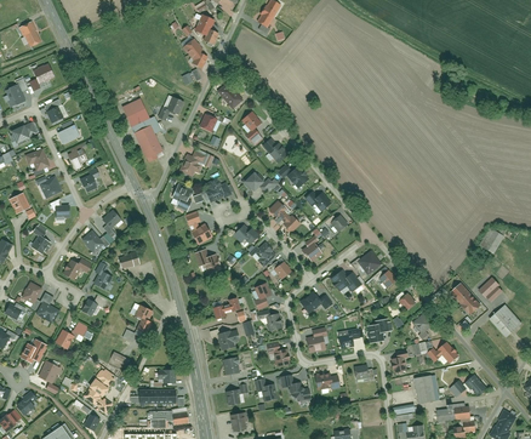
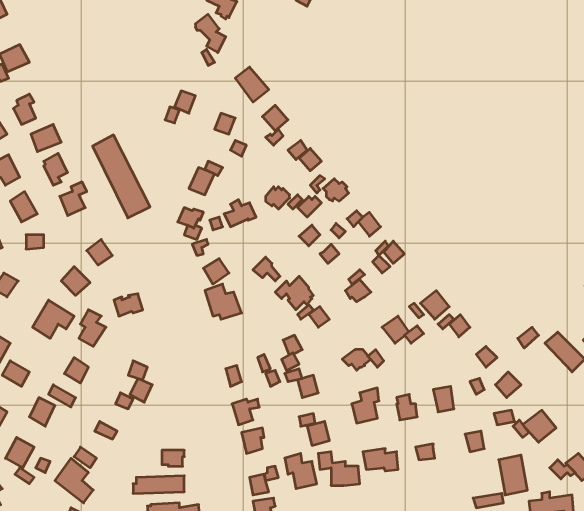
building: [122,98,166,161] -> [93,135,150,218]

